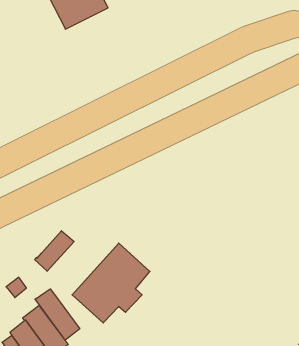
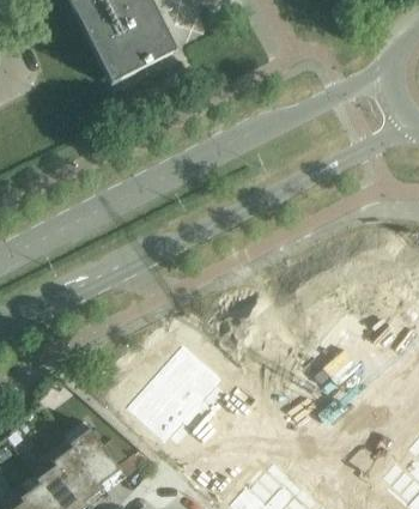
building: [35,231,74,271] -> none
building: [35,289,80,340] -> none

